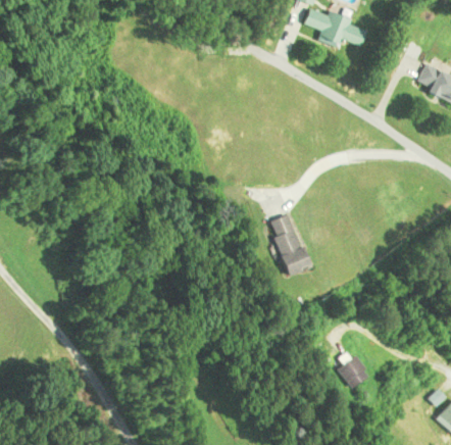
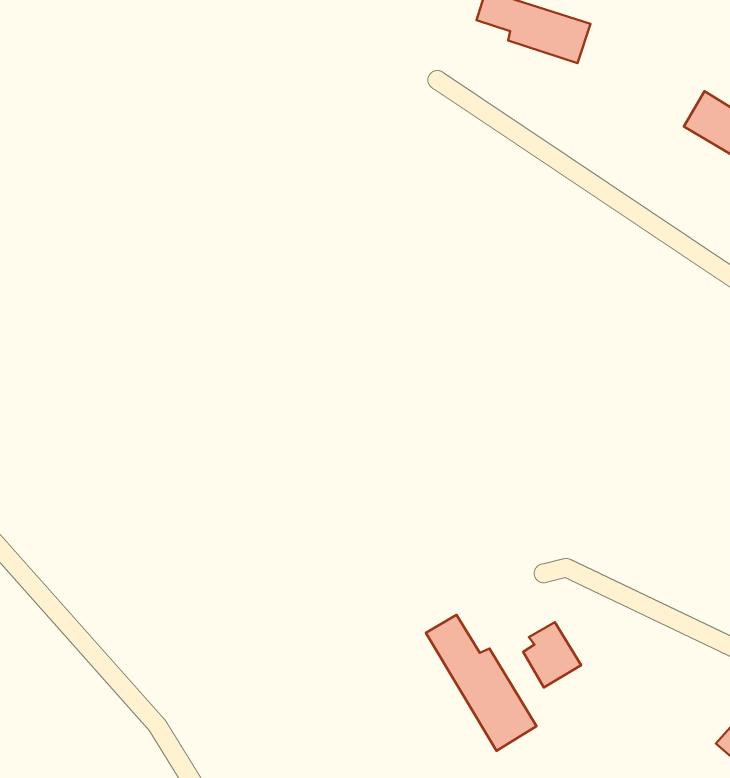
building: [271,213,305,274] -> none
building: none -> [426,615,537,751]

